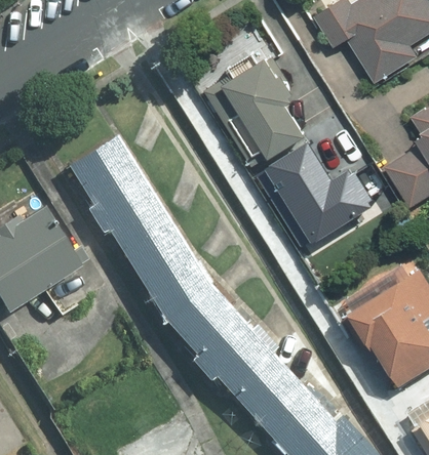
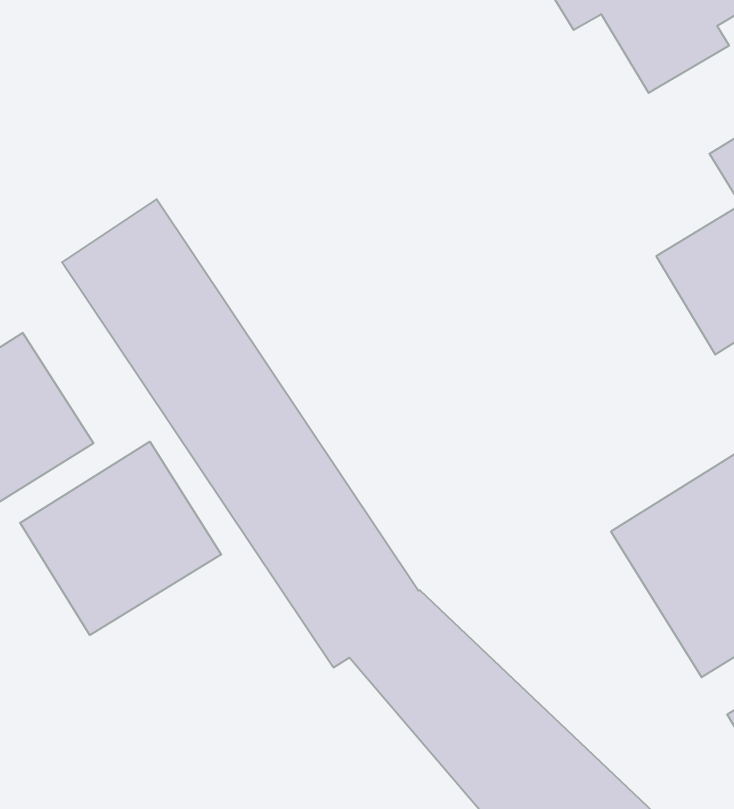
building: [203,54,314,168] -> none
building: [259,144,380,249] -> none
building: none -> [20,442,221,635]

